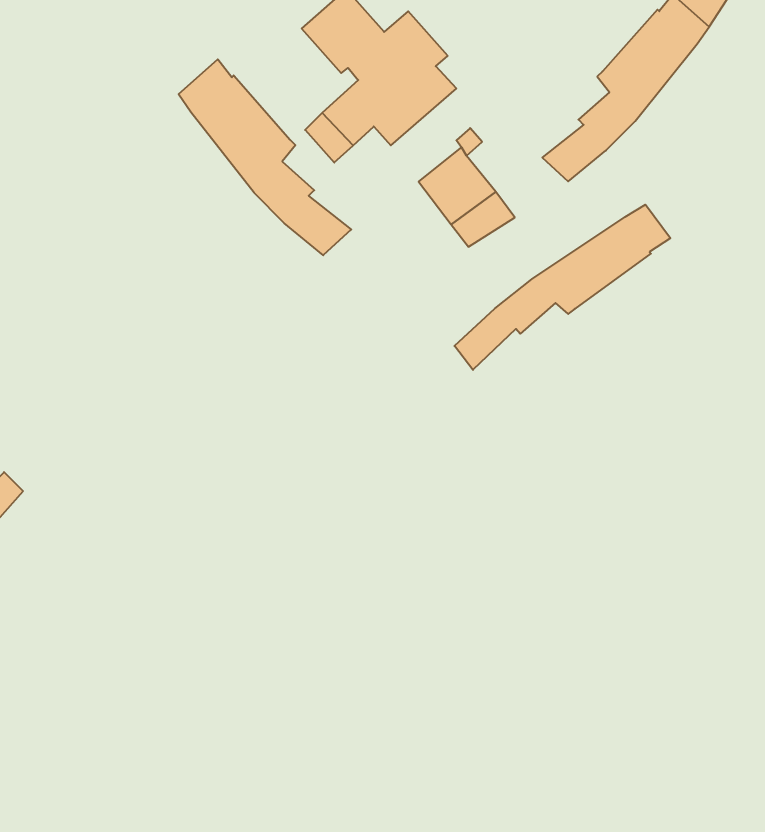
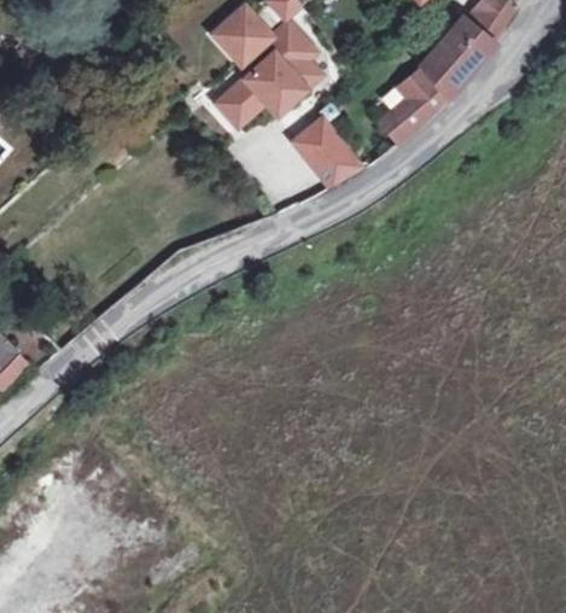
building: [179,59,351,255] -> none
building: [454,205,670,370] -> none

